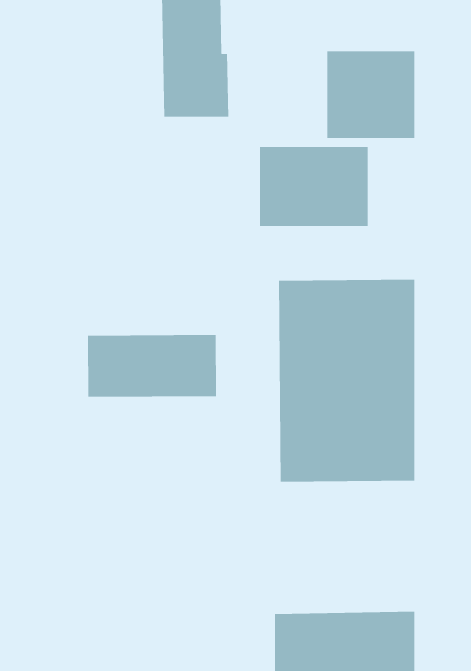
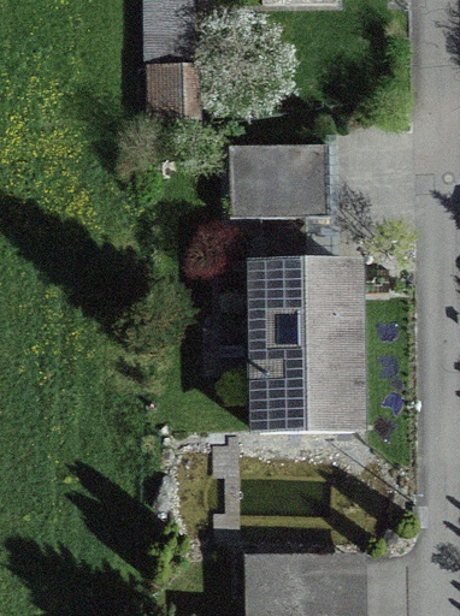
building: [327,51,415,139] -> none
building: [87,334,217,398] -> none

